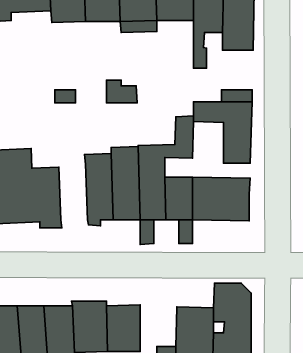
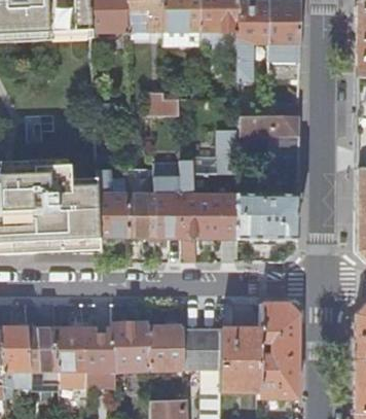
building: none -> [98,172,129,238]
building: none -> [183,329,221,370]

